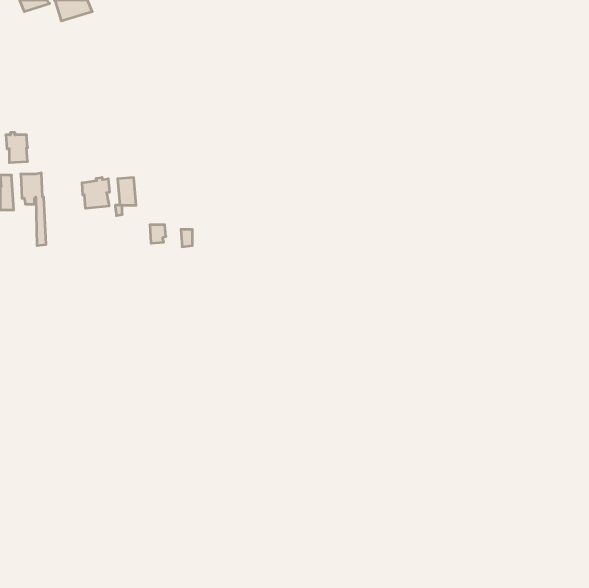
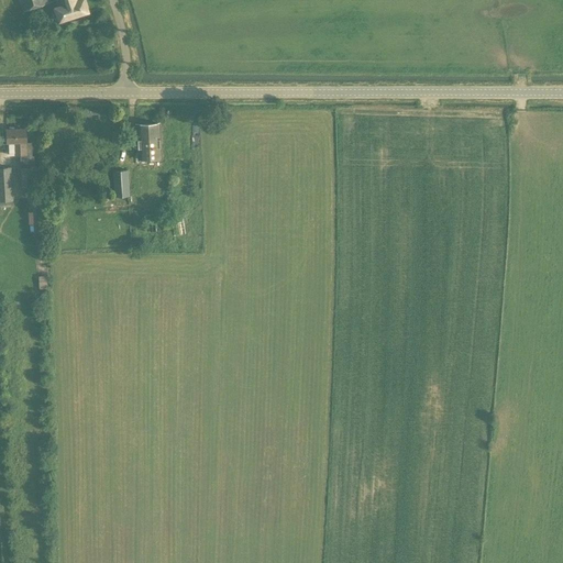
building: none -> [136,125,161,161]
building: [82,177,109,208] -> none

